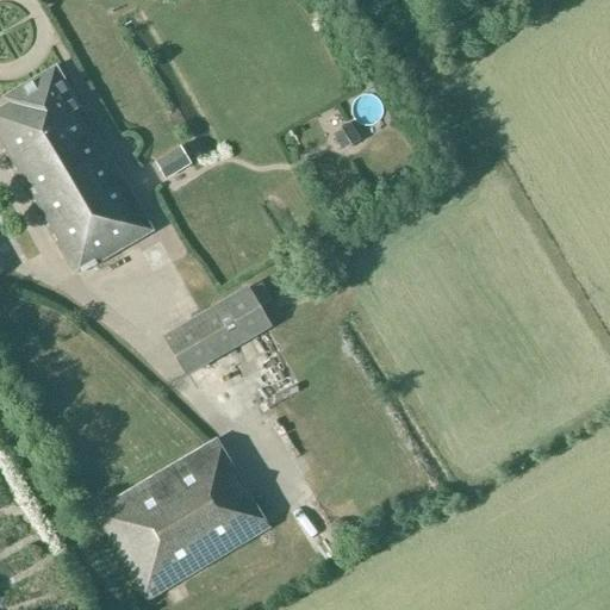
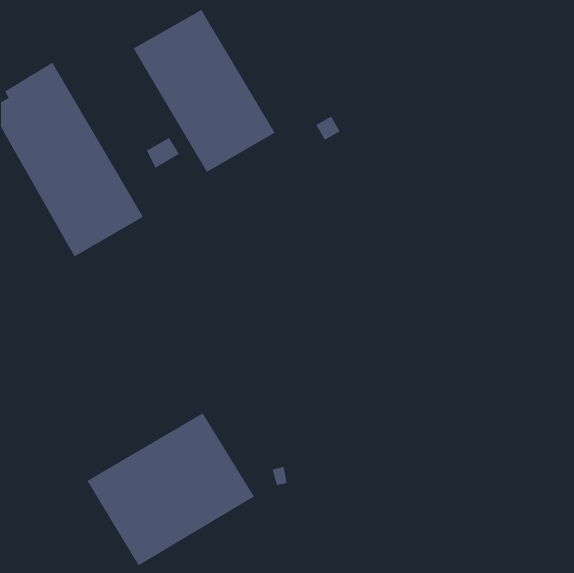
building: none -> [133,9,275,173]
building: [162,282,273,375] -> none

